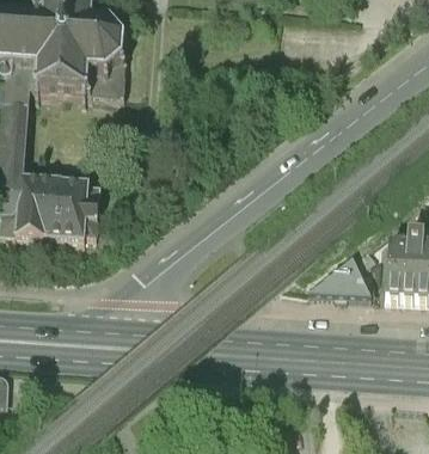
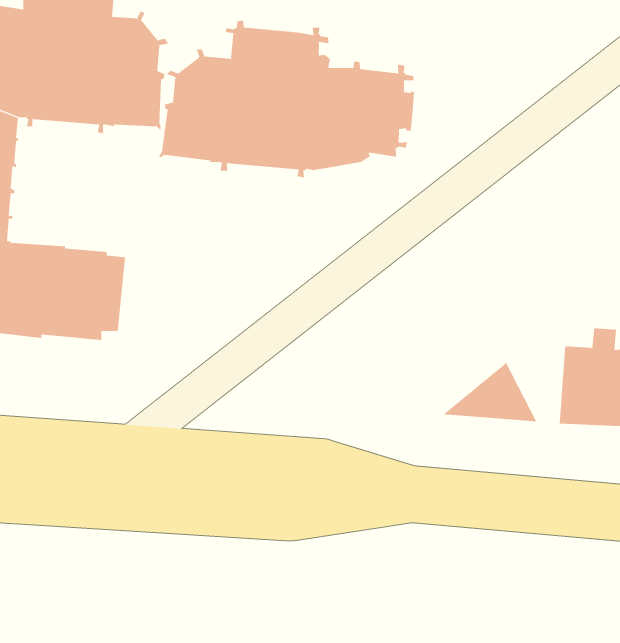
building: none -> [159,20,415,178]

